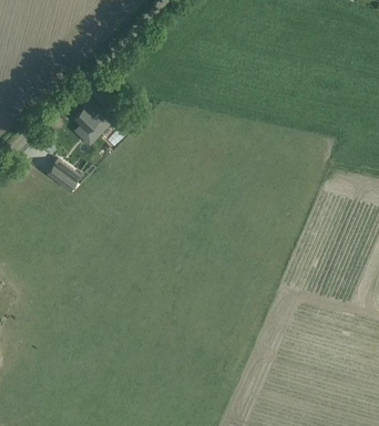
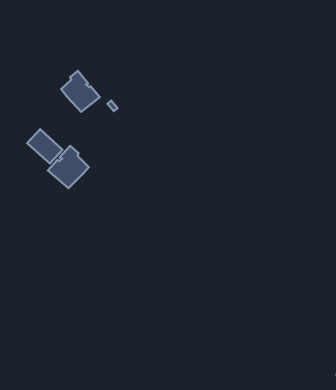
building: none -> [48,146,89,188]

